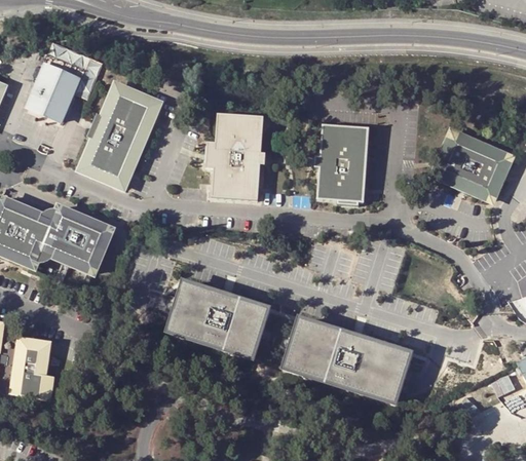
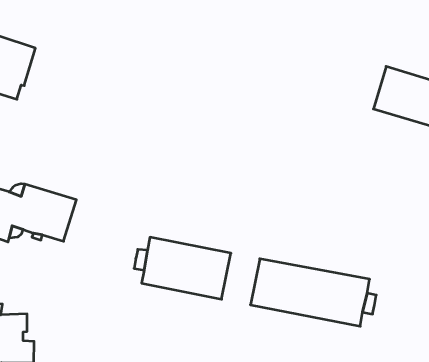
building: [81,89,160,191] -> none
building: [205,112,267,199] -> none
building: [318,123,370,200] -> none

